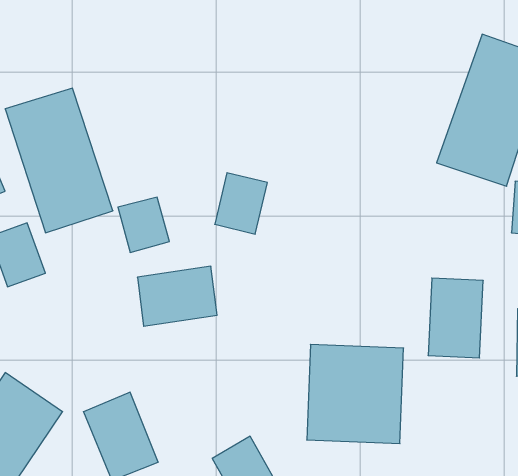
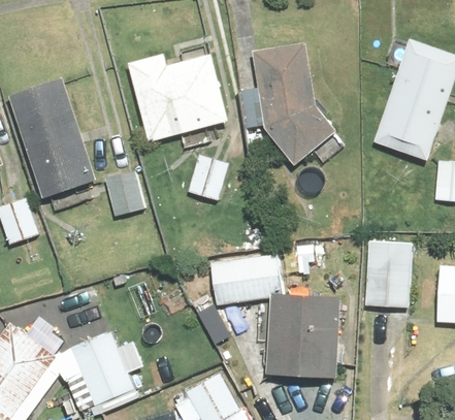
building: none -> [236,41,338,164]
building: none -> [127,42,235,142]
building: [137,266,217,326] -> [212,251,279,301]

